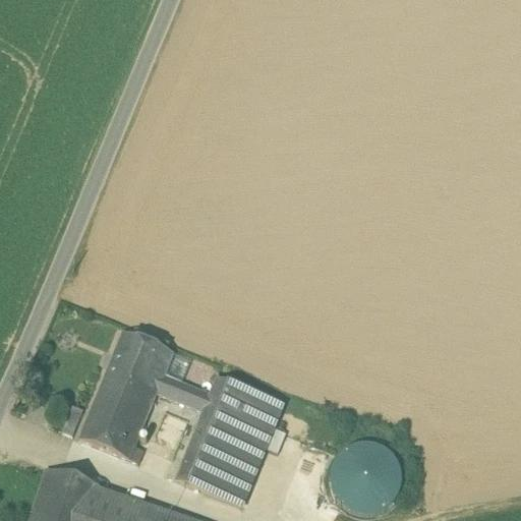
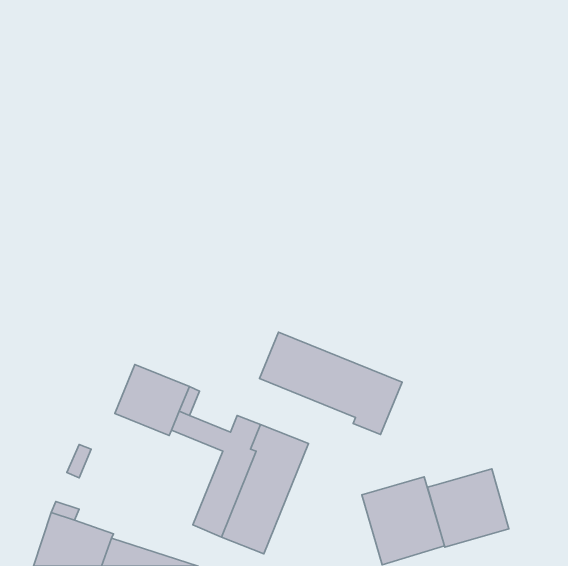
building: none -> [260,332,402,434]
building: [81,378,156,463] -> none
building: none -> [428,469,509,547]

